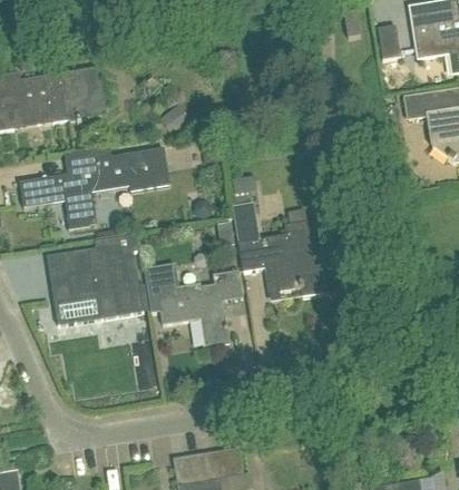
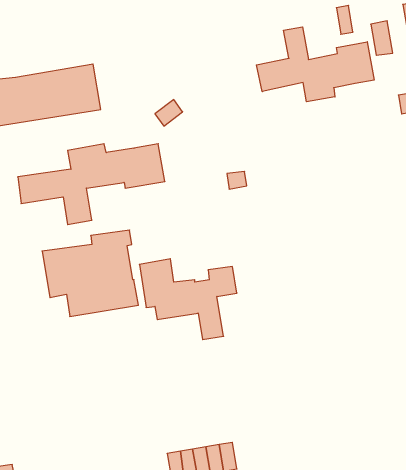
building: none -> [256,27,374,102]
building: [232,202,328,296] -> none

